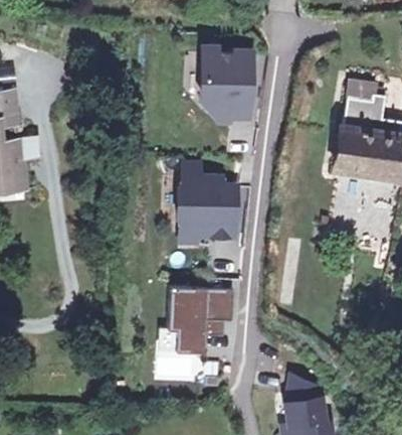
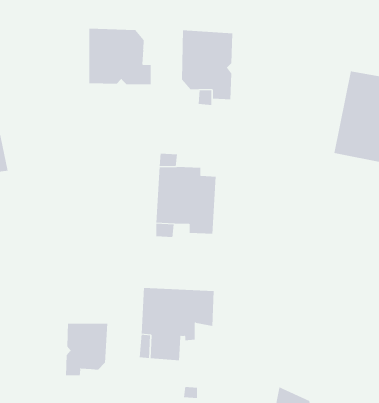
building: none -> [89,28,151,85]
building: none -> [65,323,108,376]

